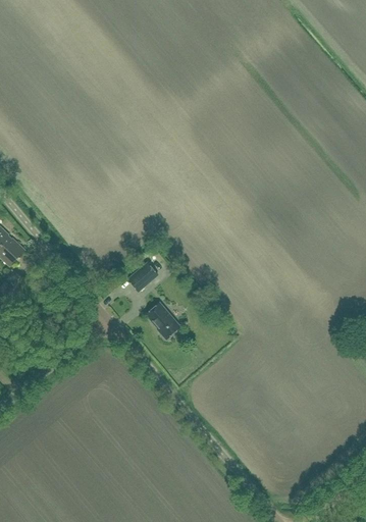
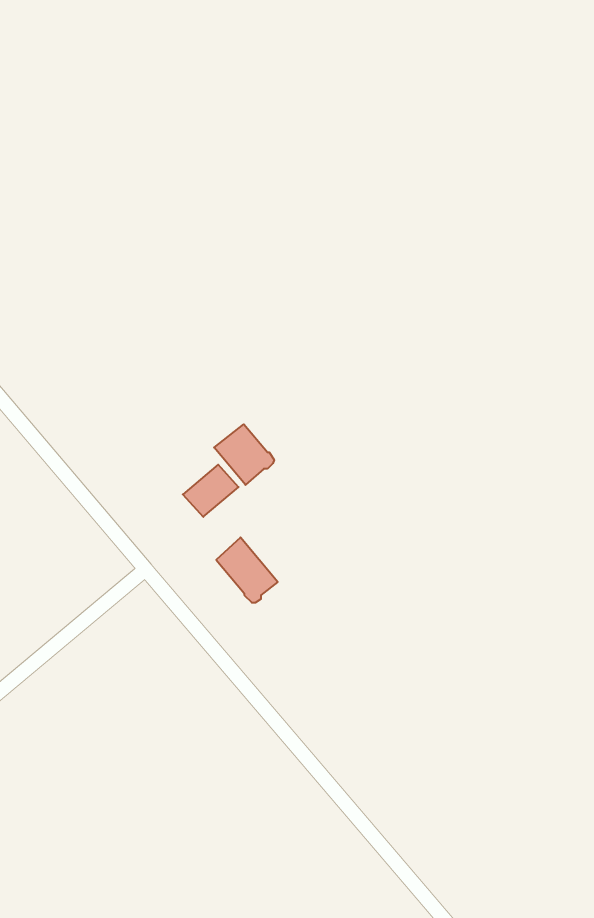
building: none -> [214,424,274,485]

